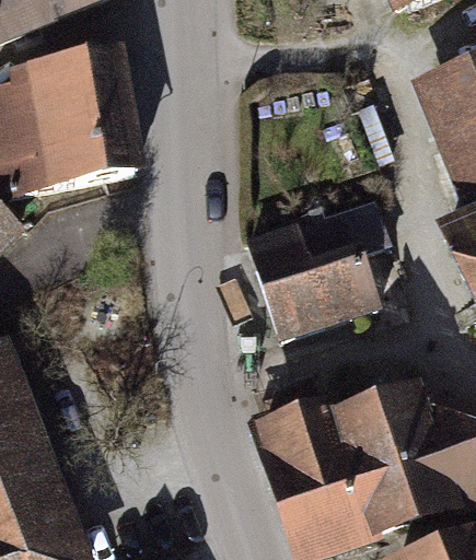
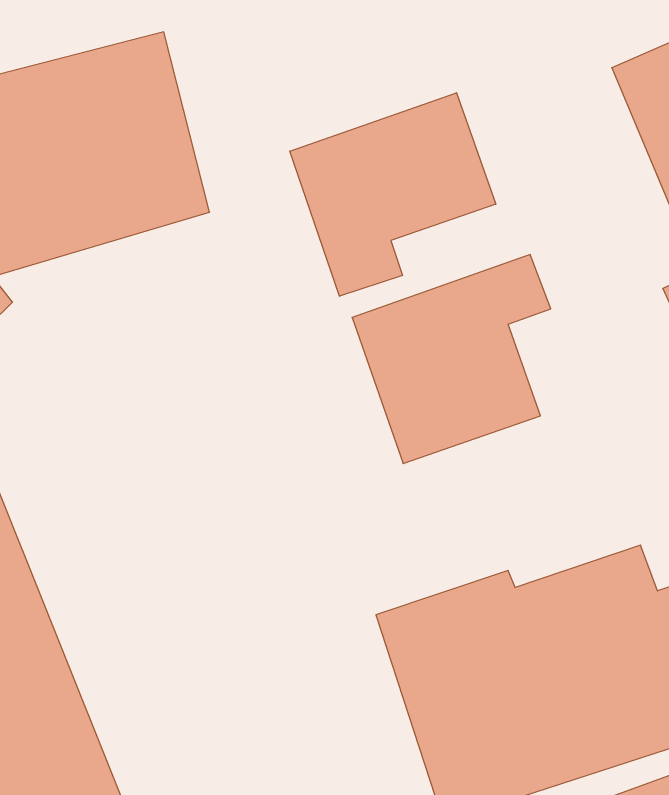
building: none -> [290,93,496,296]

